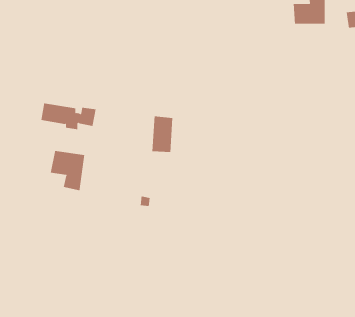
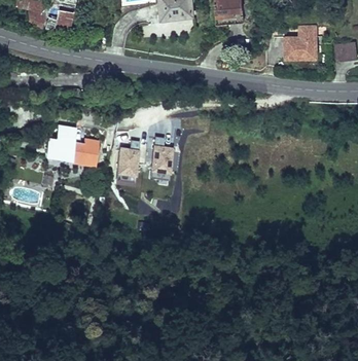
building: none -> [115,148,138,178]
building: [50,150,85,191] -> none

